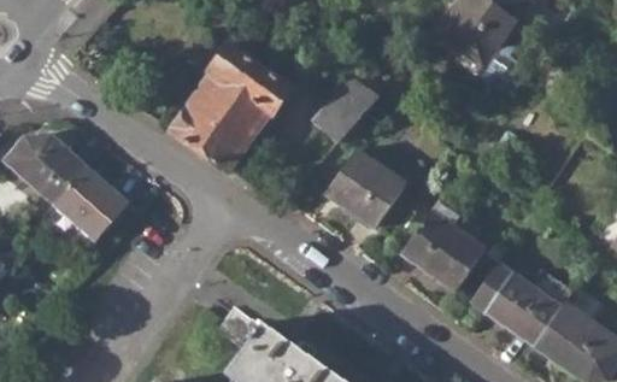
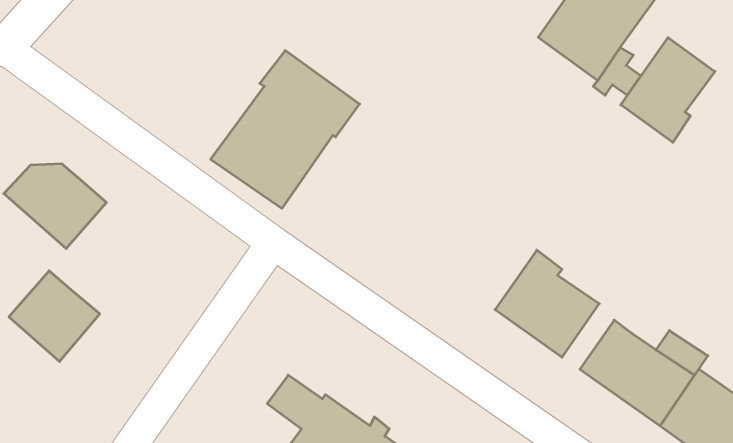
building: none -> [621,38,715,142]
building: [315,77,380,143] -> none
building: [327,149,406,228] -> none
building: [54,168,128,241] -> [9,271,100,362]

